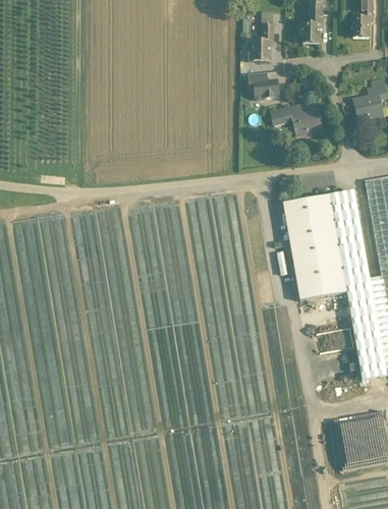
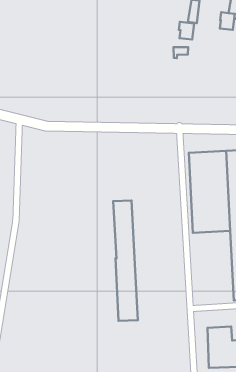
building: [255,78,279,99] -> none
building: [271,104,323,134] -> none
building: none -> [113,200,138,321]

